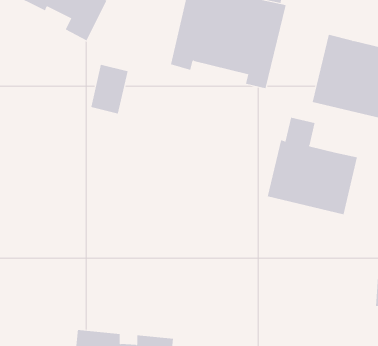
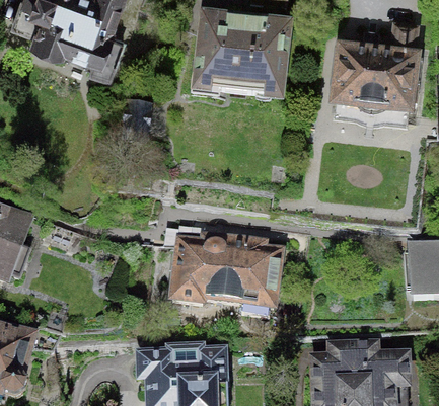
building: [267,117,358,215] -> none
building: none -> [168,232,286,313]

